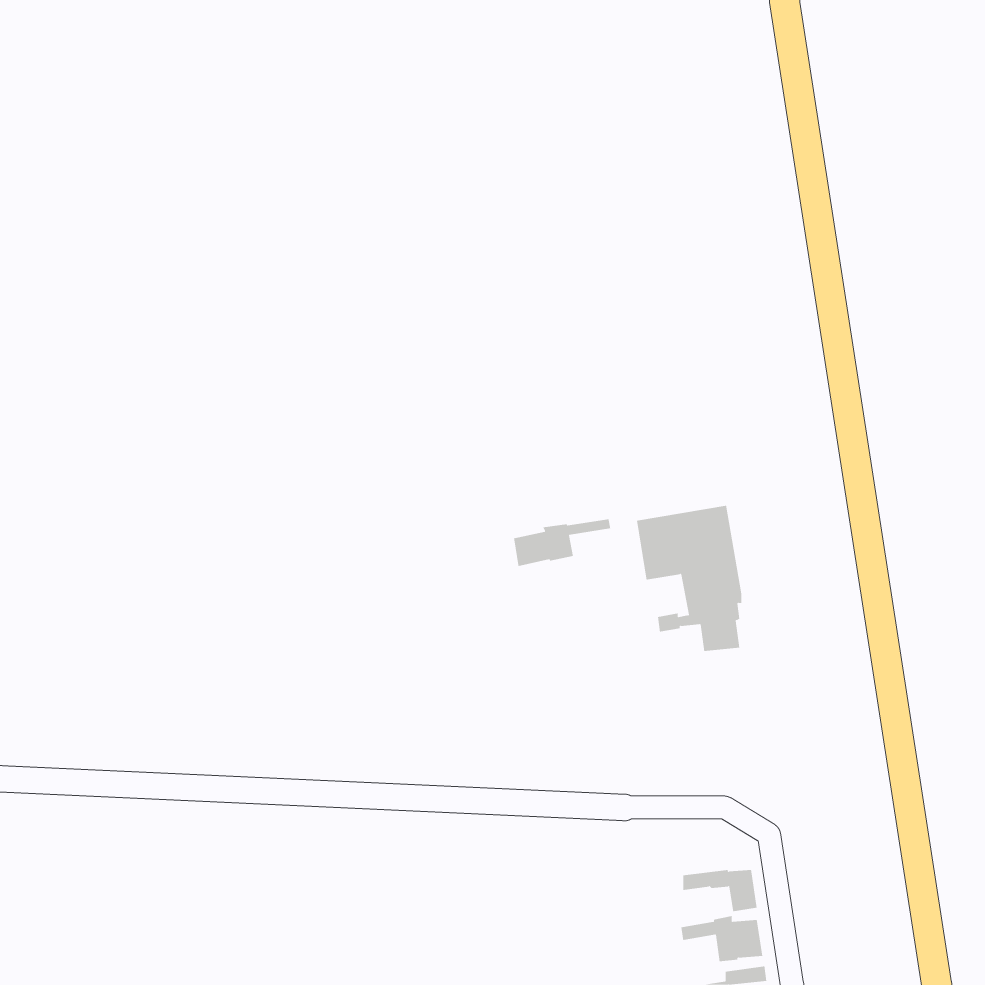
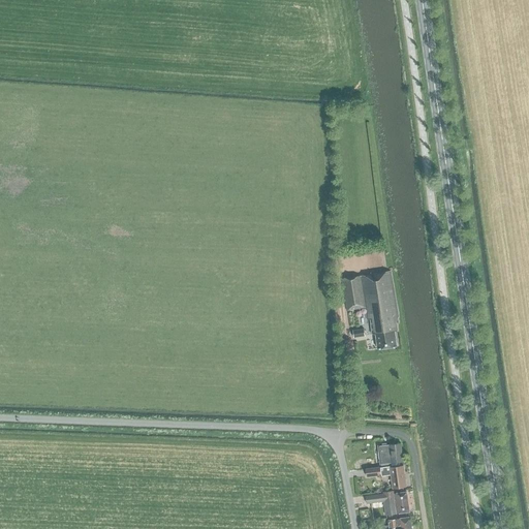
building: [514,518,611,567] -> none
building: none -> [378,443,402,464]

